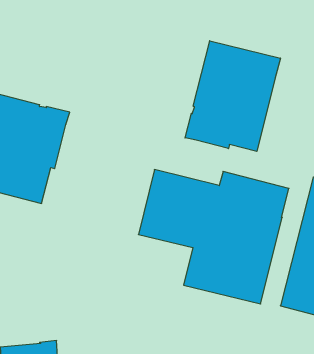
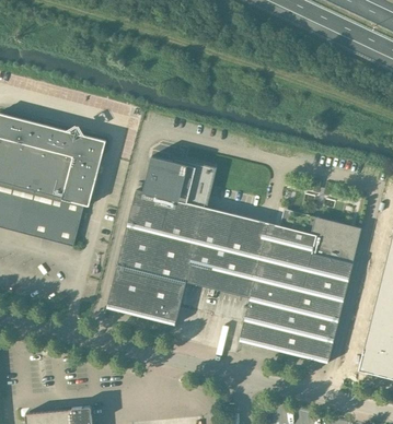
building: [185,41,280,151] -> none
building: none -> [106,157,216,326]

